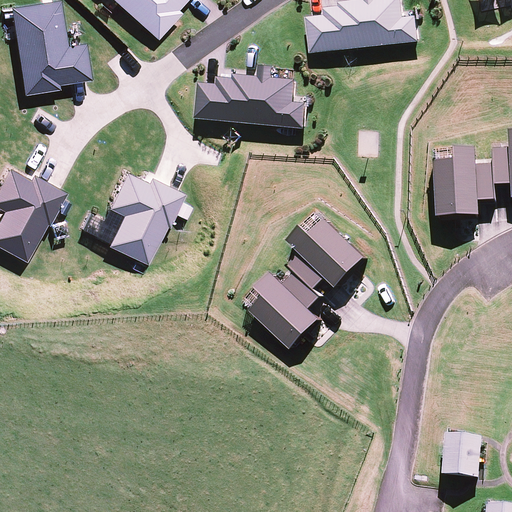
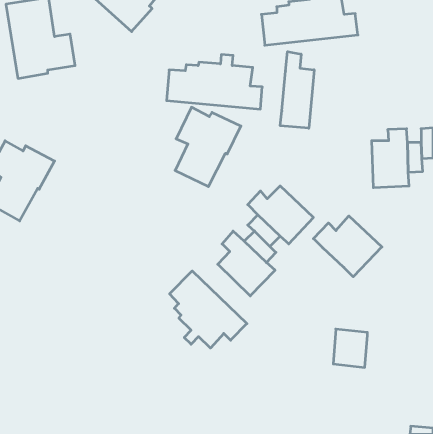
building: none -> [280,52,314,128]
building: [105,169,182,262] -> [175,107,241,187]
building: none -> [313,216,382,277]
building: none -> [170,271,247,348]
building: [436,430,476,475] -> [333,329,367,367]

